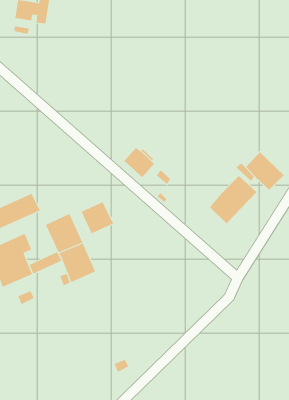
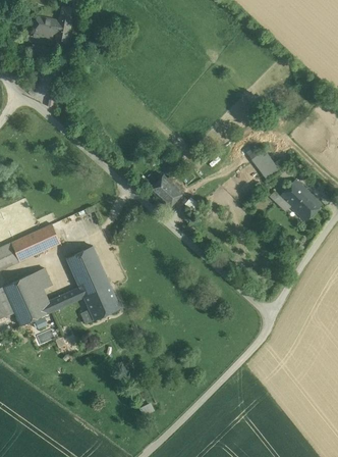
building: none -> [251,149,279,179]
building: [209,175,257,224] -> none
building: [81,201,114,234] -> none

